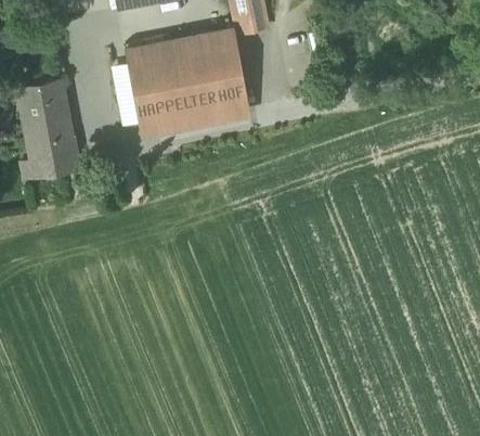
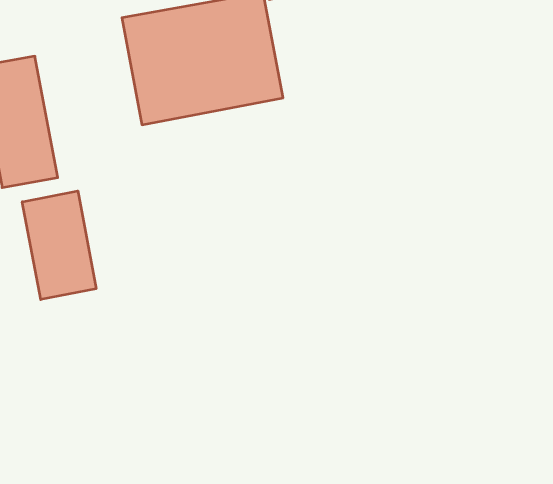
building: none -> [22,191,96,300]

